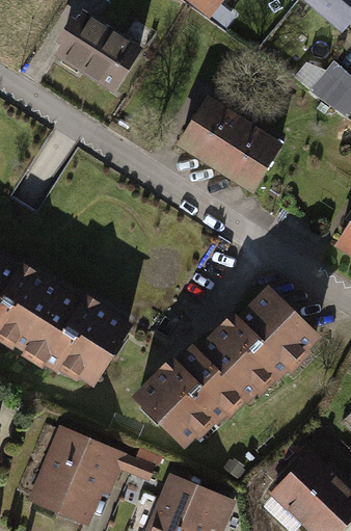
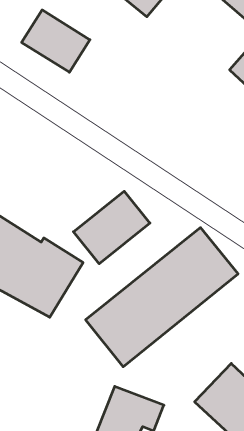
building: [178,100,280,189] -> none
building: none -> [73,191,150,264]
building: [36,429,161,515] -> none

